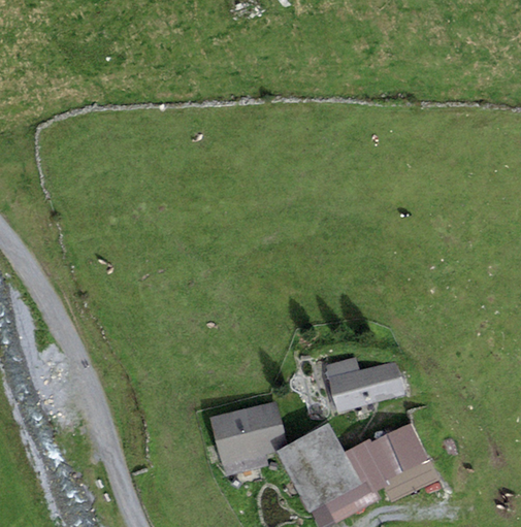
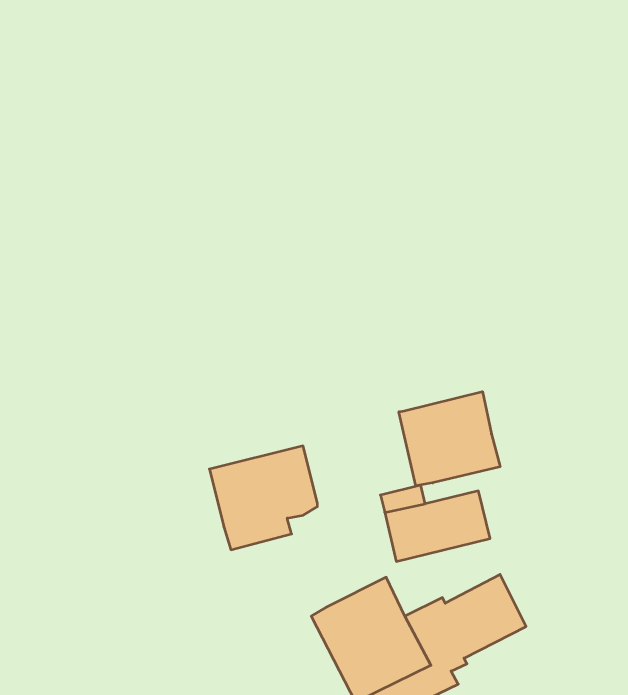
building: none -> [399,392,500,486]
building: [209,401,287,475] -> [209,446,317,550]

